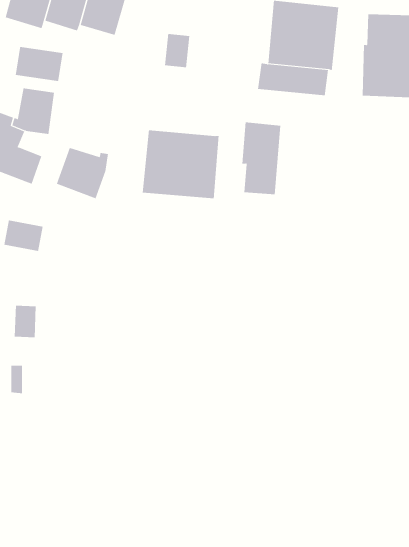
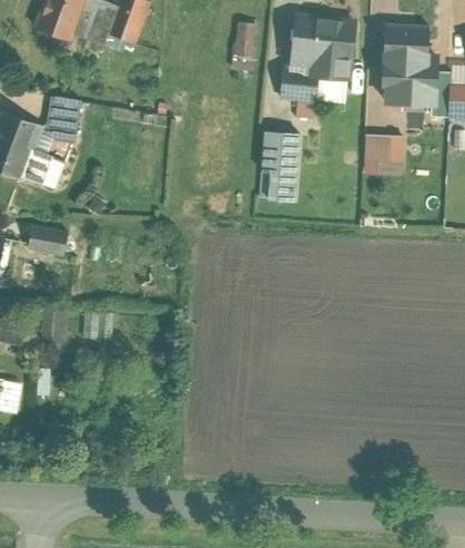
building: [164,34,190,68] -> [228,21,254,55]
building: [15,46,63,82] -> none
building: none -> [359,134,399,174]
building: [142,129,219,199] -> none
building: [56,147,109,199] -> none

